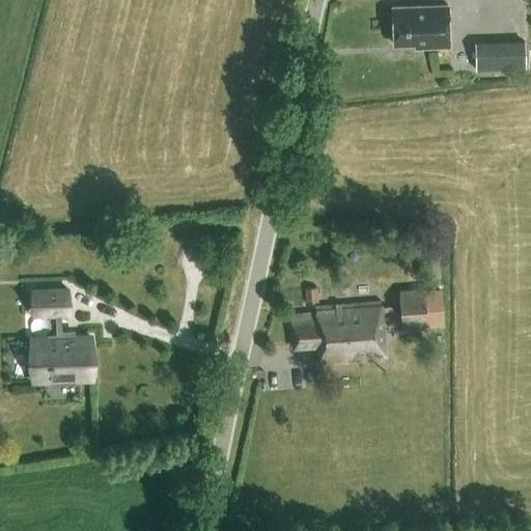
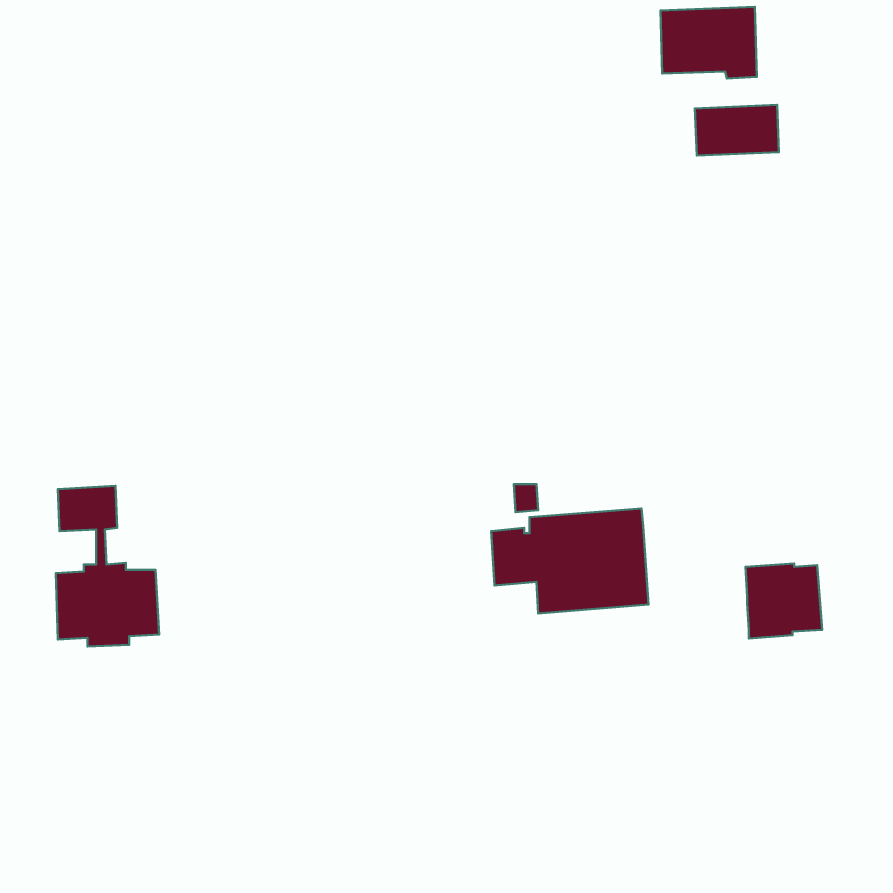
building: [476,39,526,69] -> [695,105,779,156]
building: [398,286,444,331] -> [745,563,822,639]

